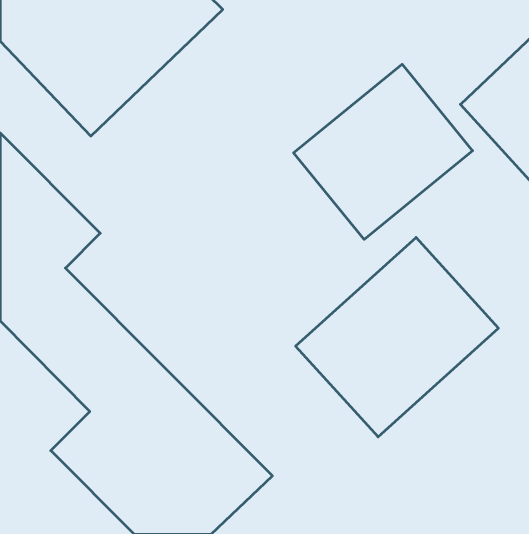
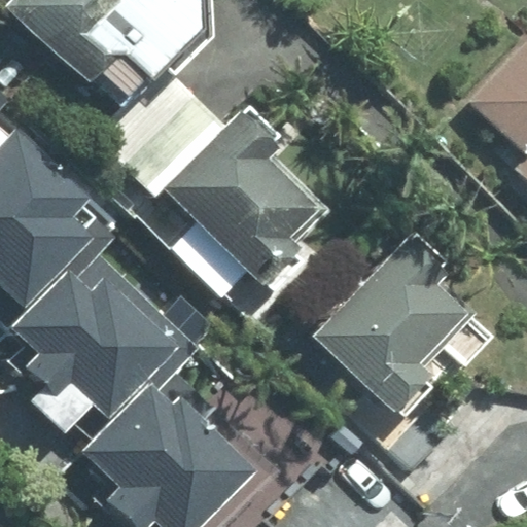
building: [294,64,473,239] -> none
building: none -> [151,97,340,288]

